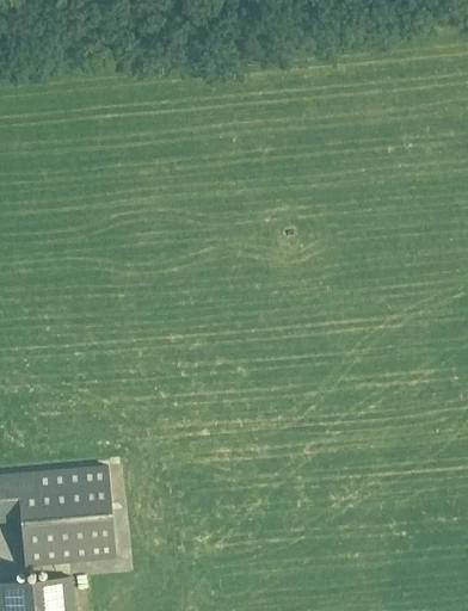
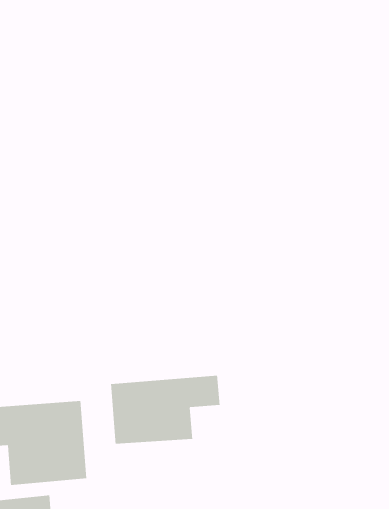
building: none -> [110,375,220,445]

